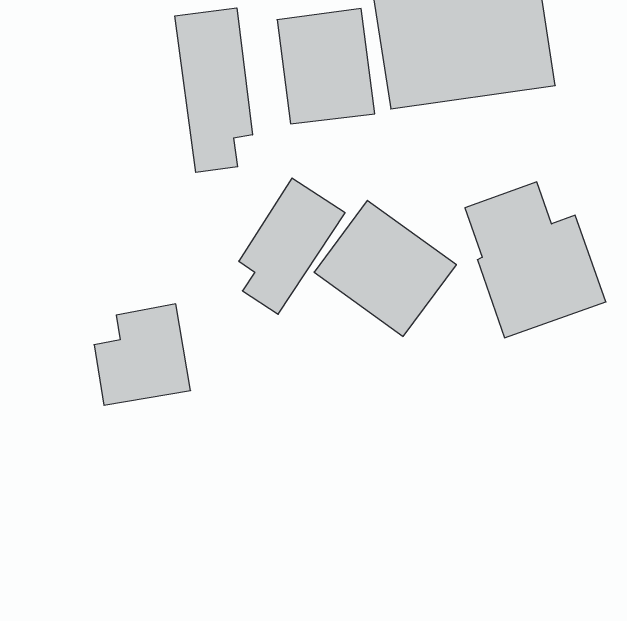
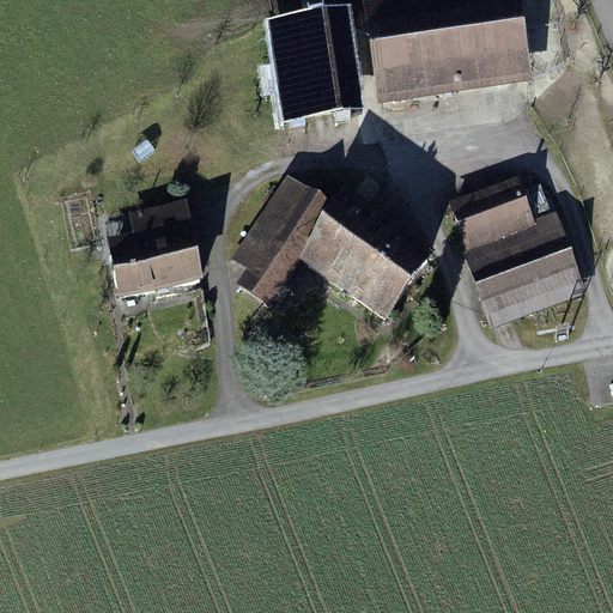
building: [175,8,252,172] -> none
building: [94,304,191,405] -> [108,196,201,295]

